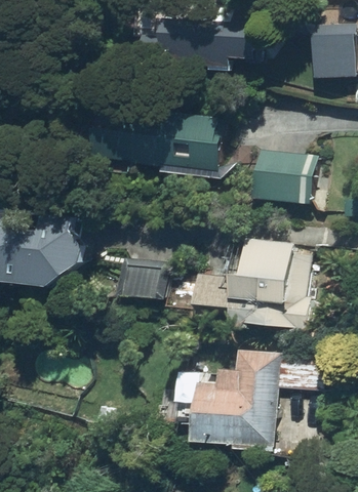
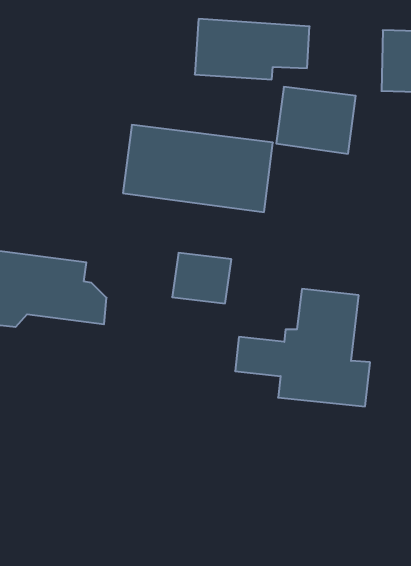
building: [248,152,313,206] -> [276,87,356,154]
building: [118,259,166,300] -> [172,253,231,303]
building: [197,351,327,448] -> none

